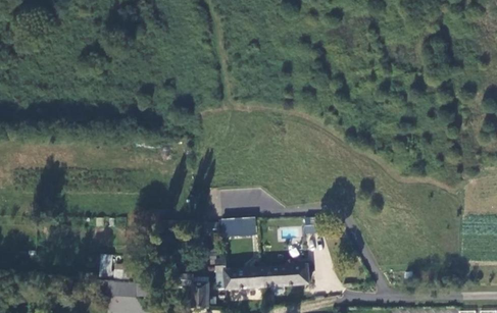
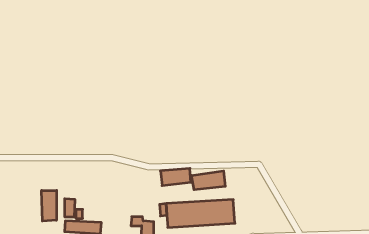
building: none -> [192,171,225,190]
building: none -> [42,190,57,221]

